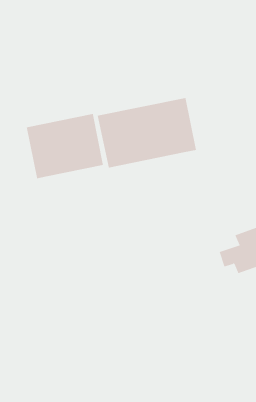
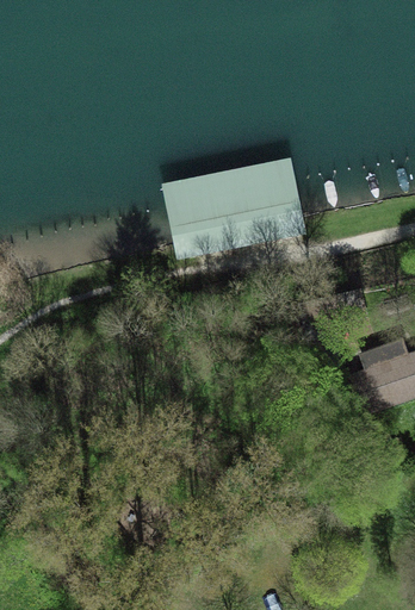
building: [26,113,103,179] -> none

